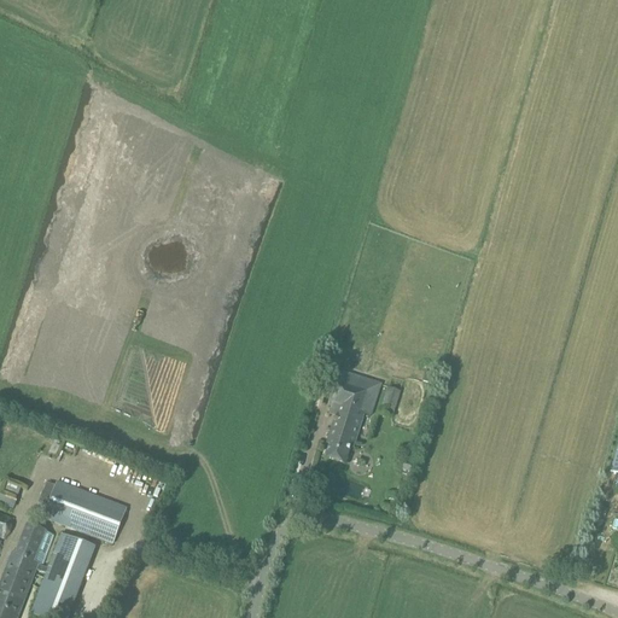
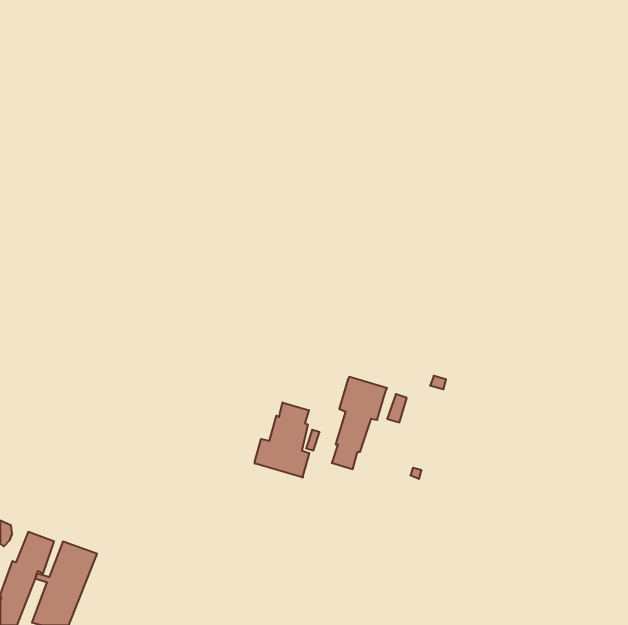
building: none -> [255,402,309,478]
building: [35,479,126,542] -> none

